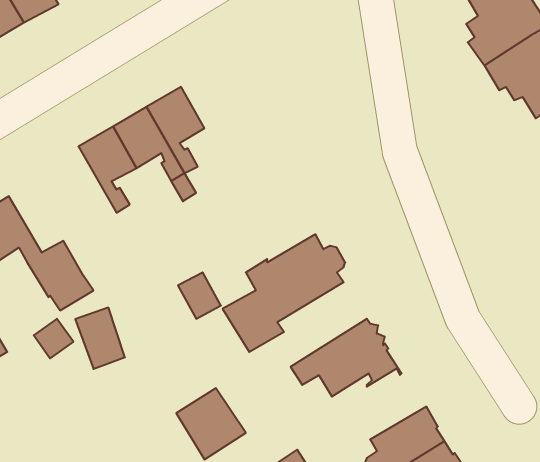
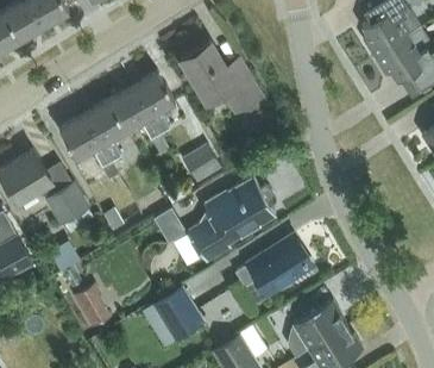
building: none -> [180,43,260,113]
building: none -> [58,116,111,168]
building: none -> [182,143,221,183]
building: [75,308,125,369] -> [75,282,111,326]

